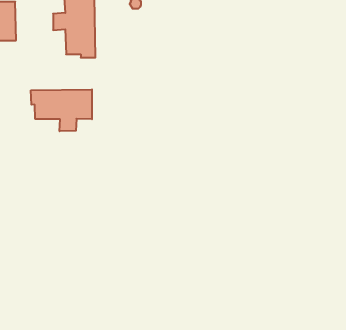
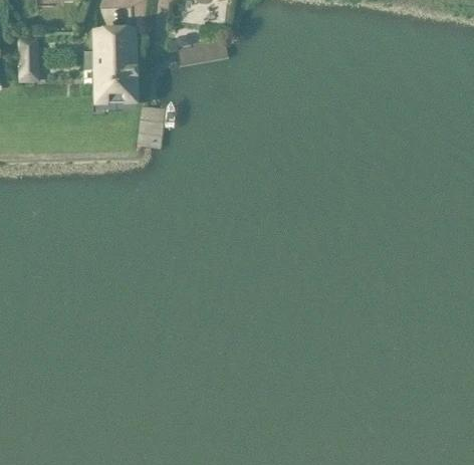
building: [31,89,92,131] -> none

